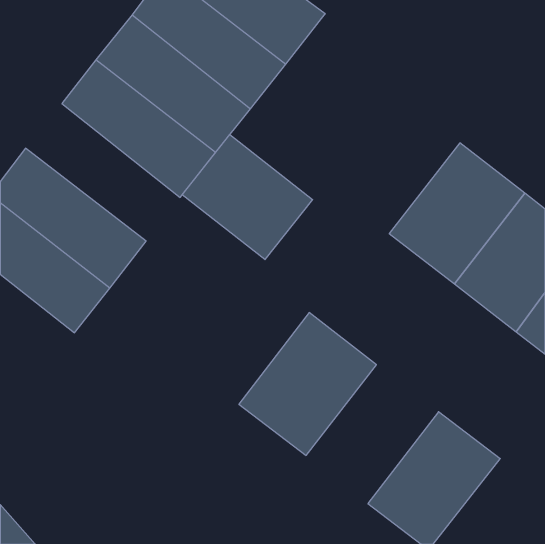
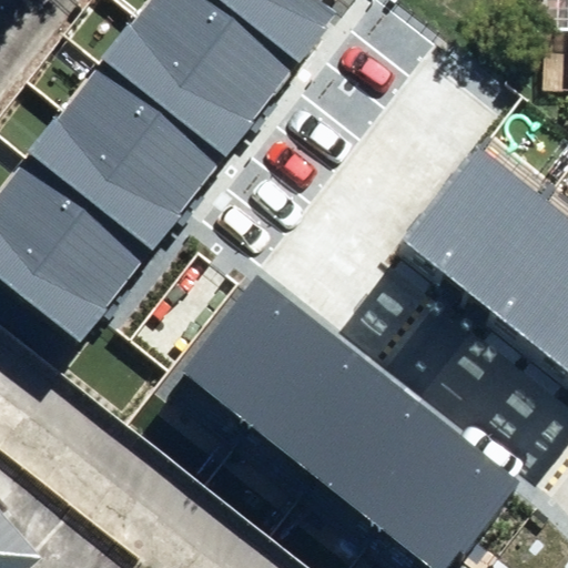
building: none -> [27,108,187,251]
building: [182,135,313,260] -> none
building: none -> [182,274,322,420]
building: none -> [318,379,456,524]

